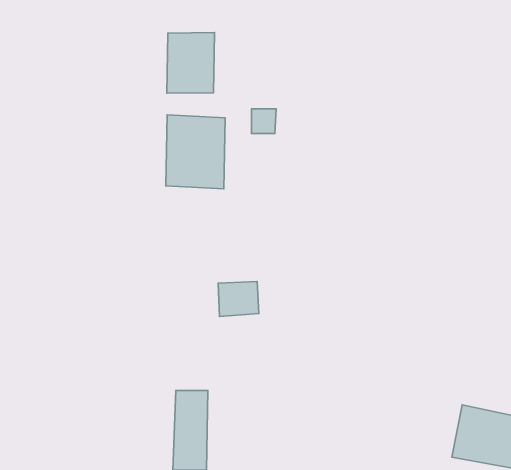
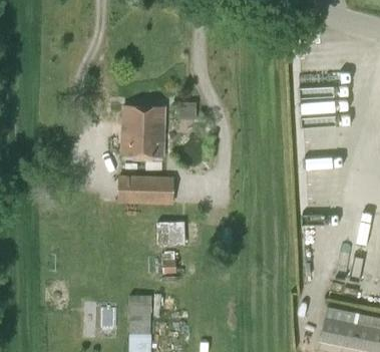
building: [167,33,215,93] -> none
building: none -> [118,175,174,205]

